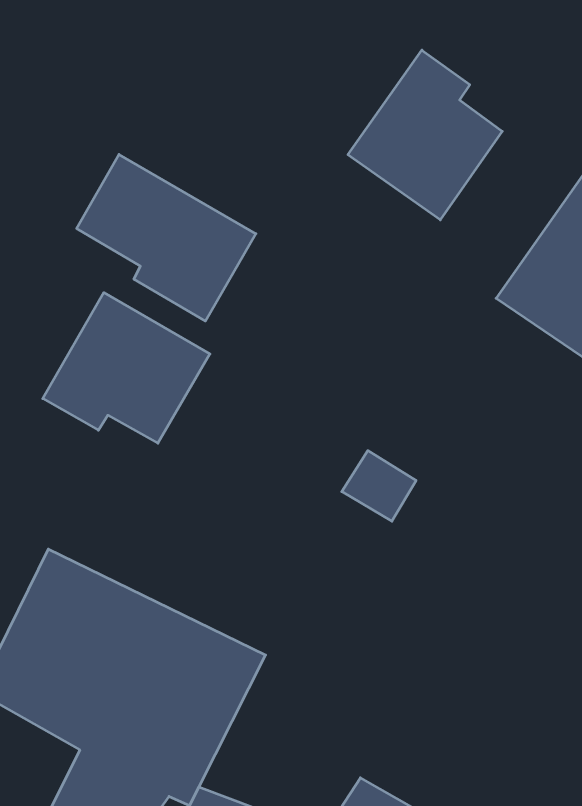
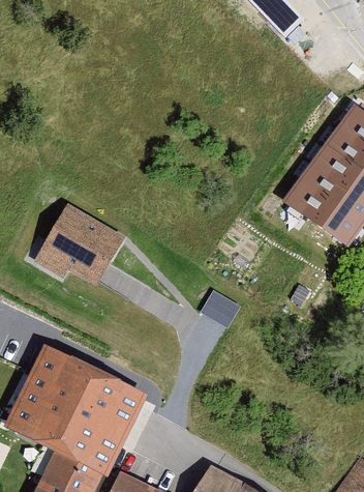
building: [348,50,502,220] -> none
building: [77,154,256,321] -> none

